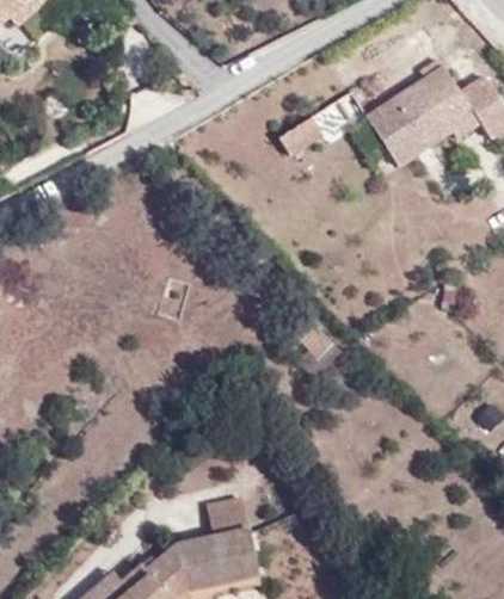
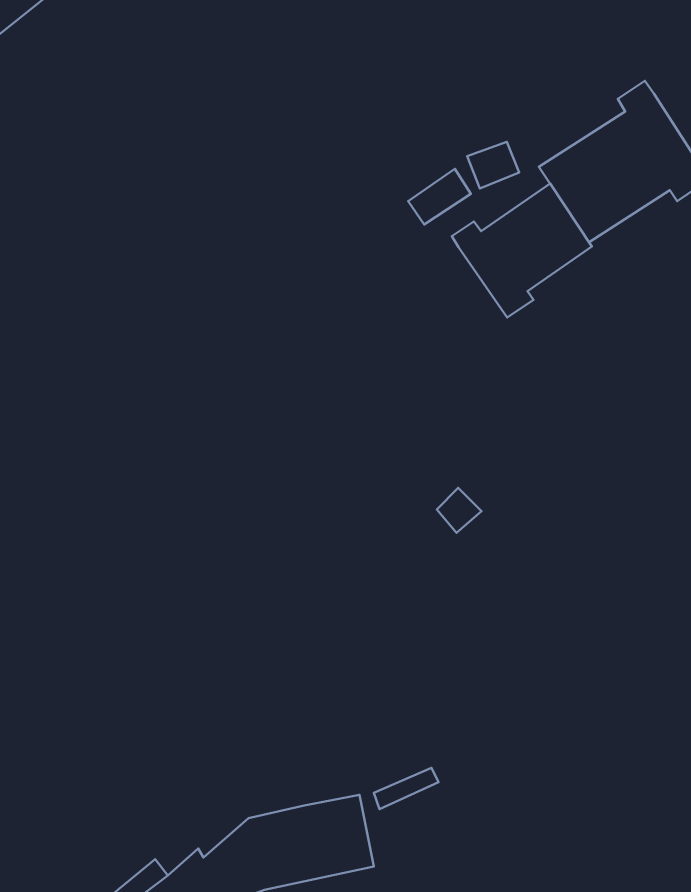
building: none -> [452,184,592,318]
building: [205,499,248,538] -> none

